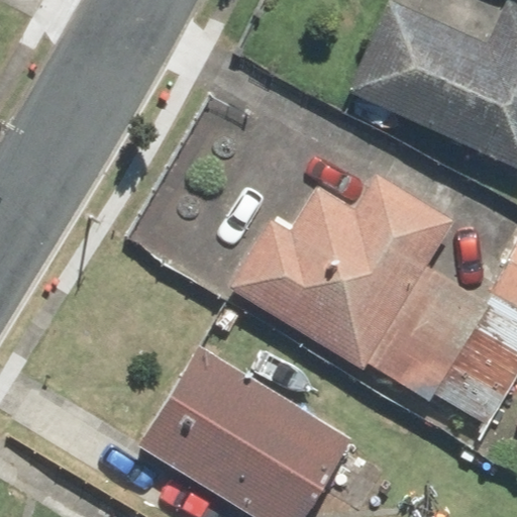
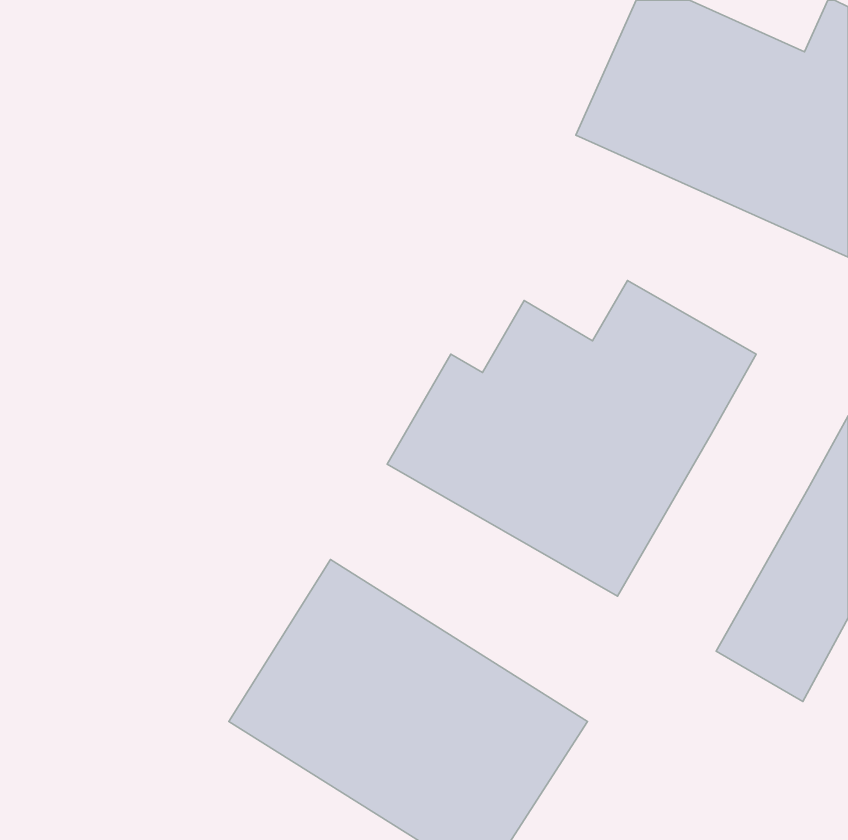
building: [374,271,489,402] -> none

